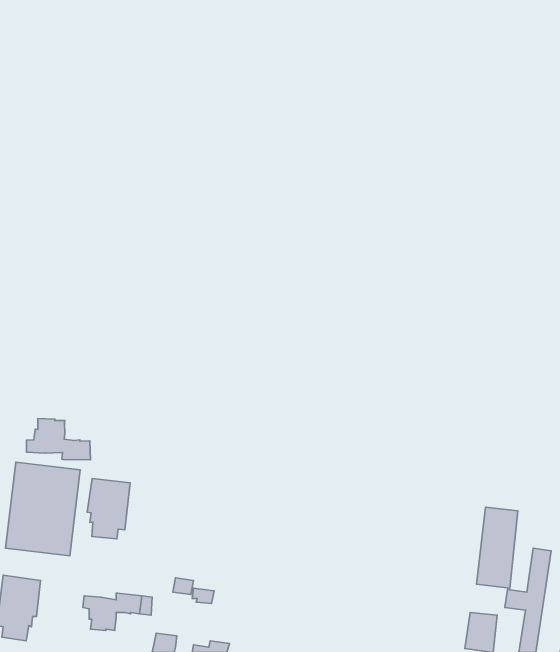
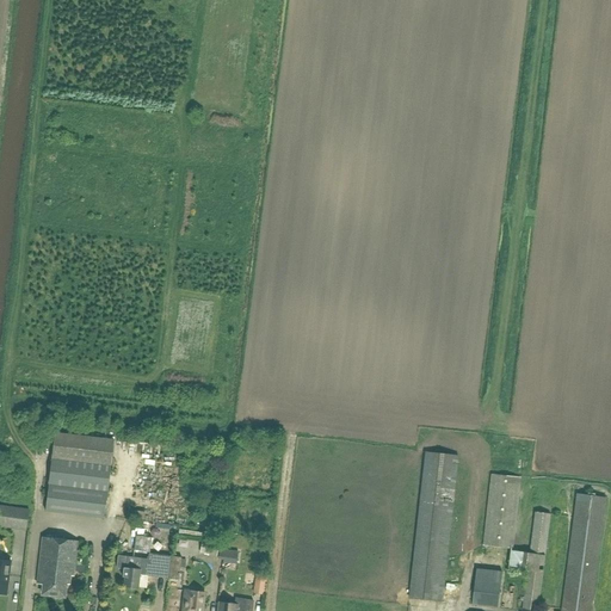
building: [26,419,91,460] -> none
building: [87,479,130,539] -> none
building: none -> [409,451,458,600]

